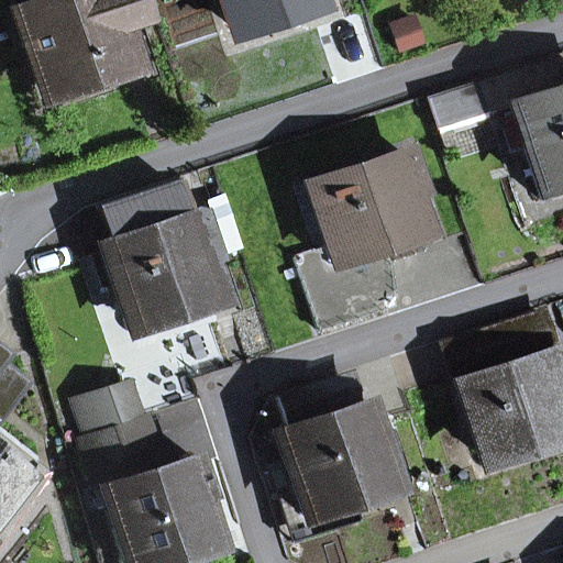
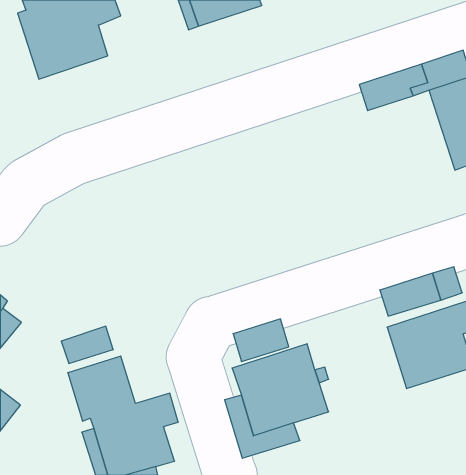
building: [301,156,430,331] -> none
building: [100,185,223,325] -> none

